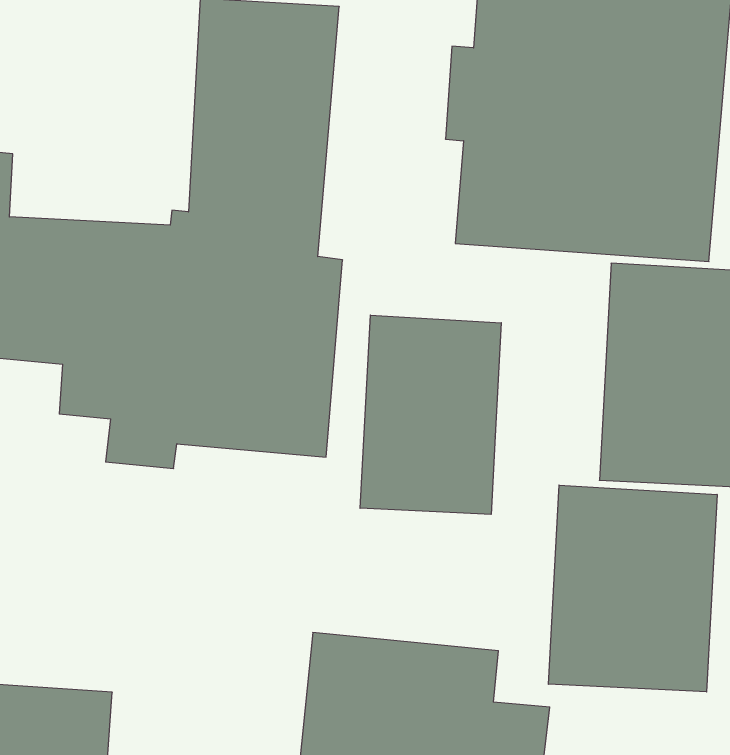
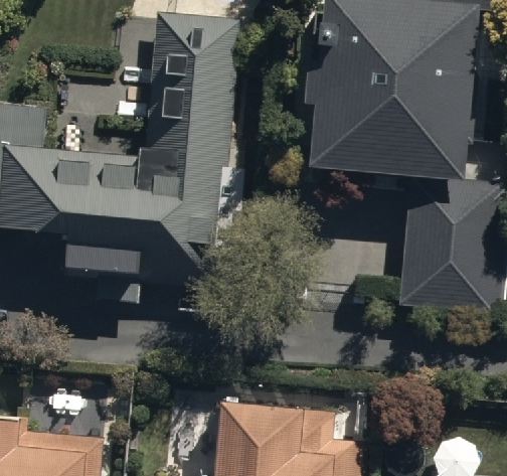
building: [360,315,501,514] -> none
building: [548,485,717,692] -> none

